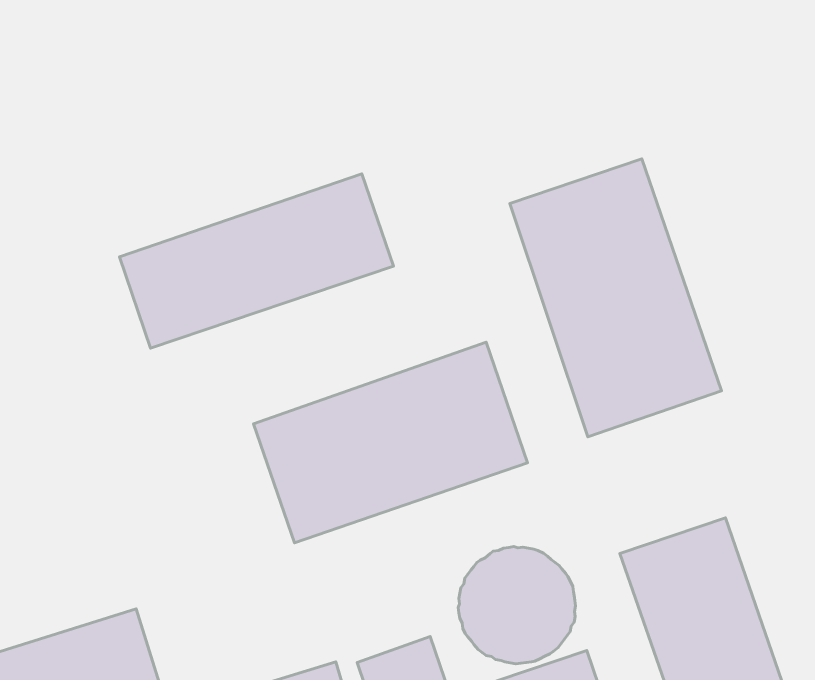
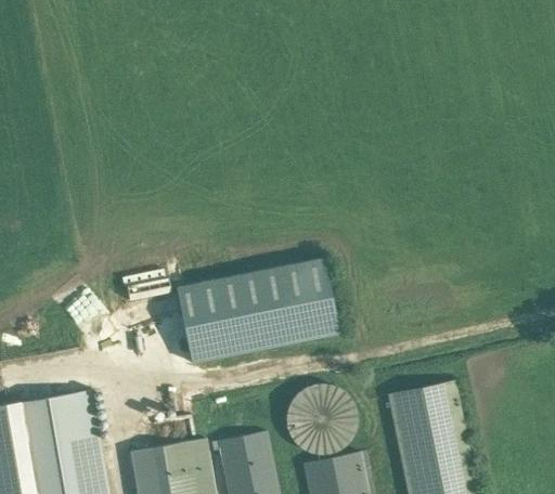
building: [510,159,722,437] -> none
building: [120,174,394,348] -> none

